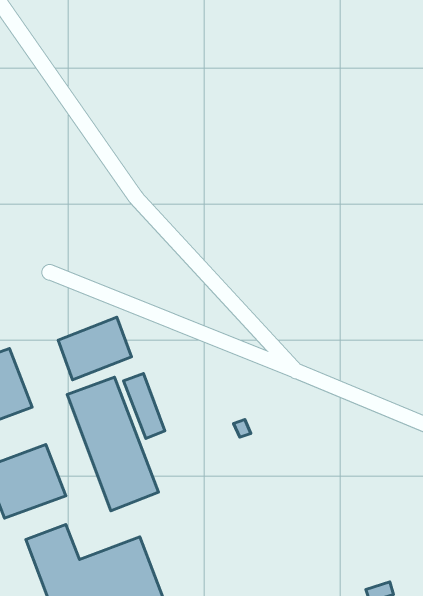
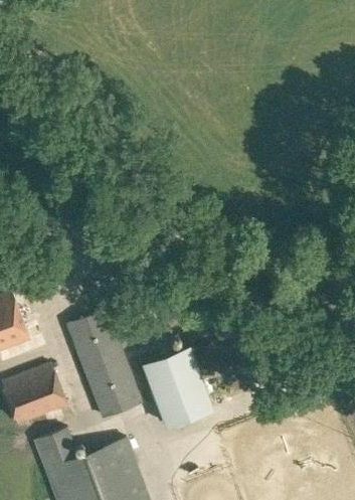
building: [58,317,131,380] -> none
building: none -> [143,346,212,427]

